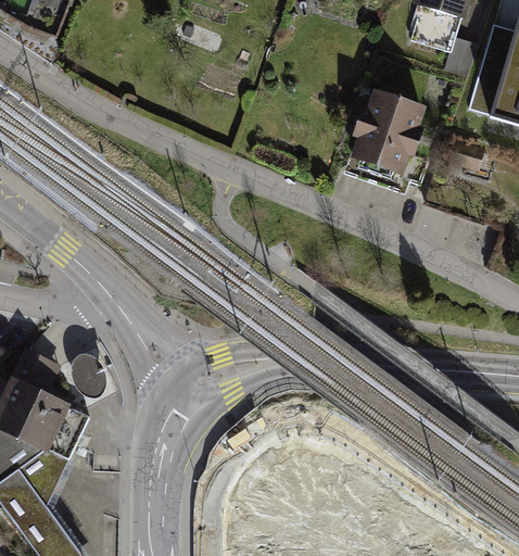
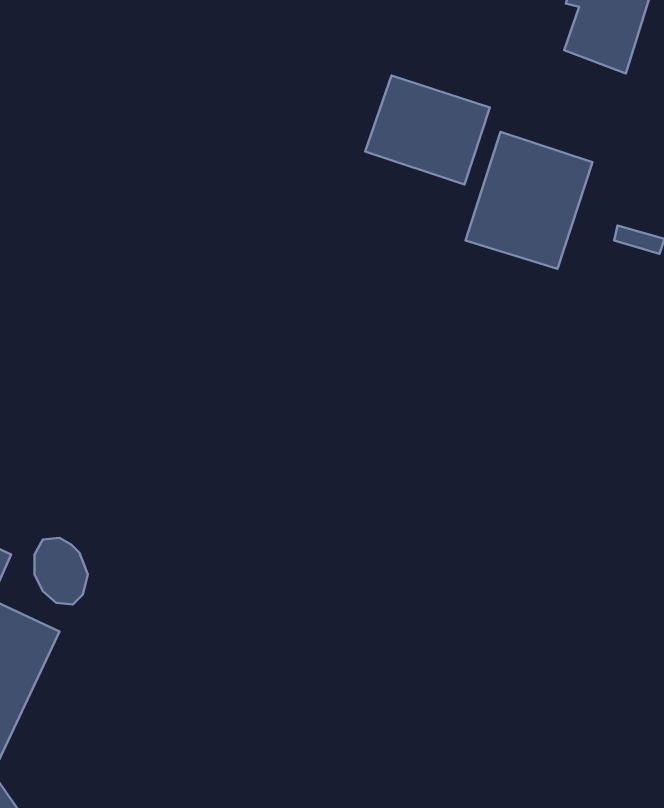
building: none -> [365,76,490,184]

